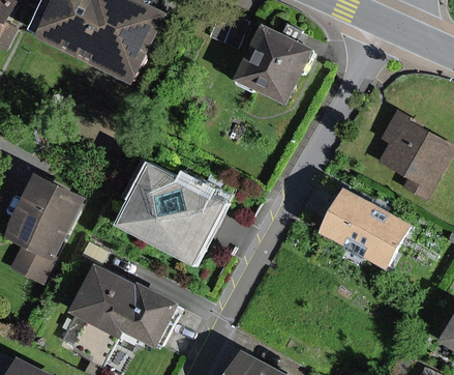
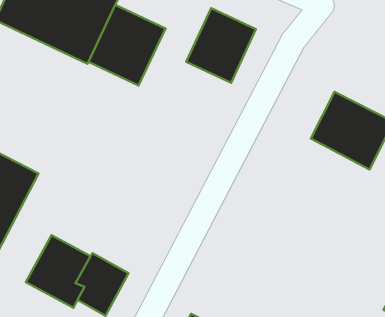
building: none -> [88,5,165,86]
building: [119,162,230,266] -> none
building: [325,190,411,267] -> none

